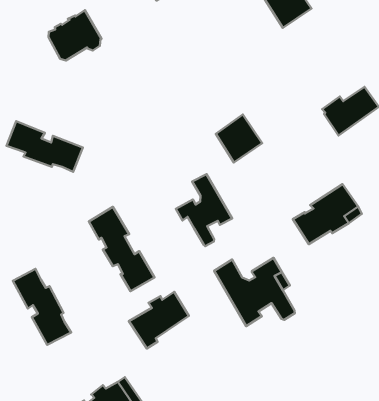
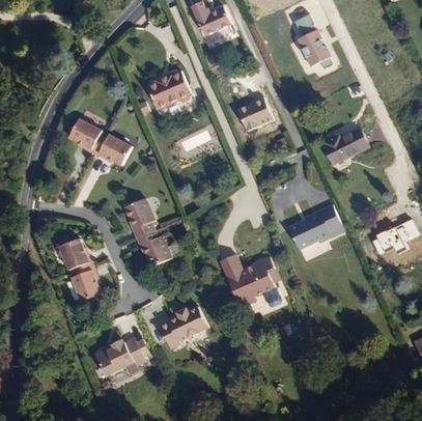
building: [48,10,102,61] -> [148,69,191,108]
building: [216,115,262,162] -> [236,94,273,132]
building: [176,174,232,246] -> none
building: [129,292,189,348] -> [158,306,206,348]

